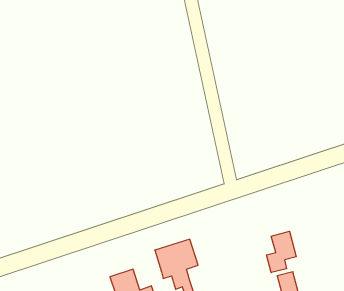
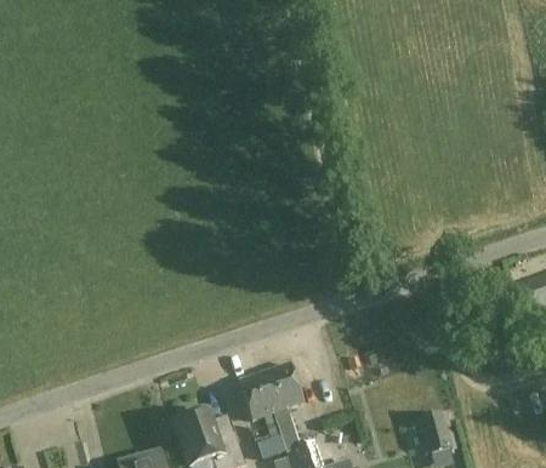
building: [266,231,296,273] -> none

